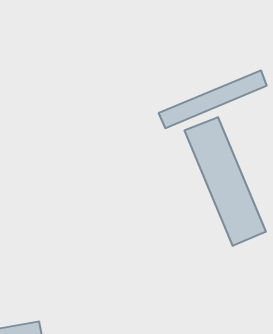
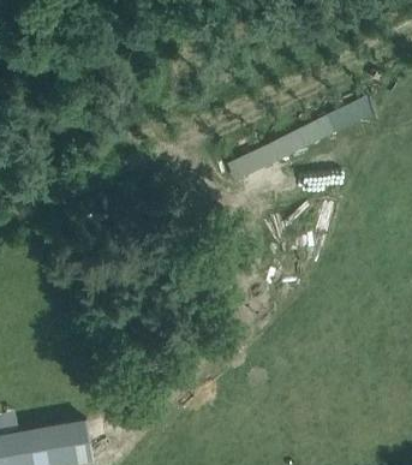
building: [185,117,266,246] -> none

